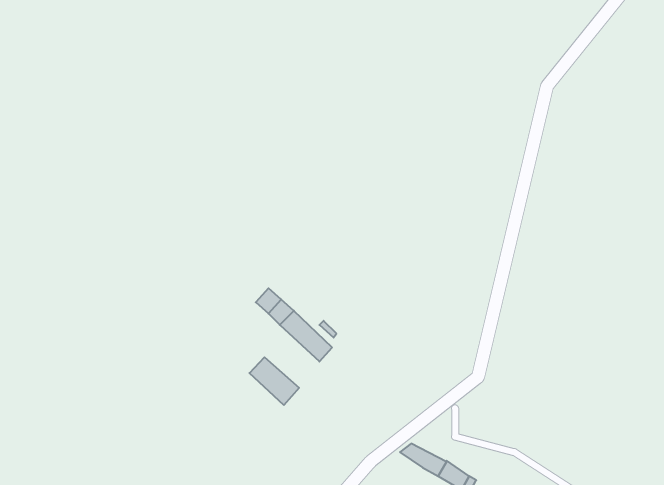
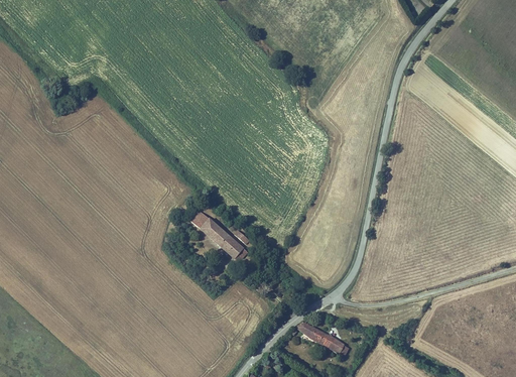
building: [249,357,299,405] -> none

